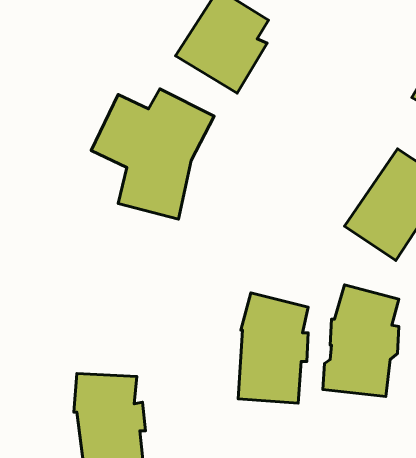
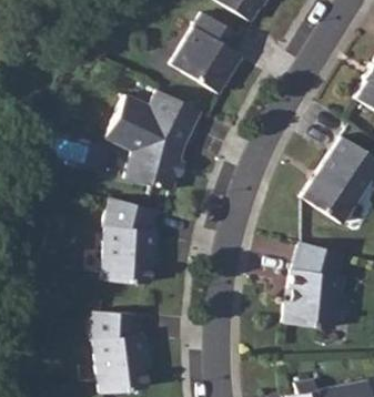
building: [238,293,308,403] -> [101,198,155,284]

